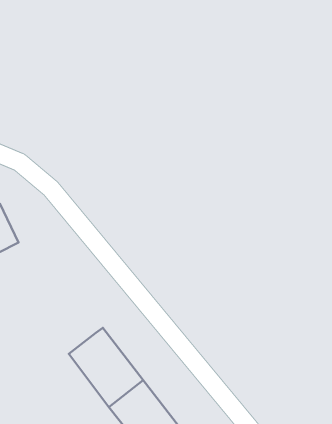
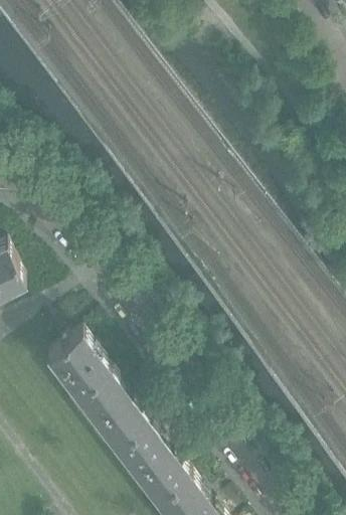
building: none -> [46,335,109,398]

